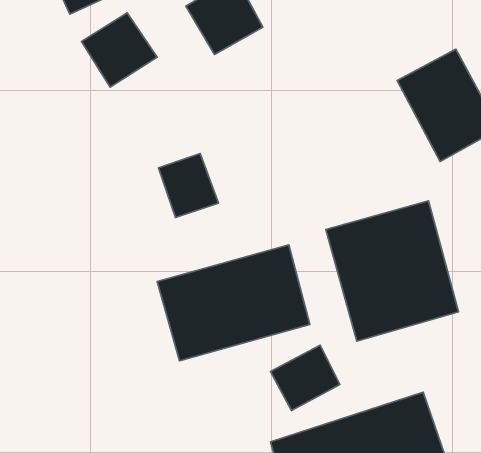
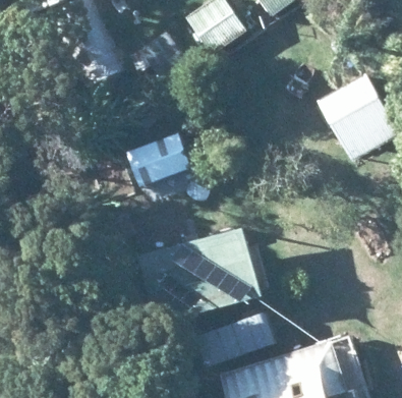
building: [326,201,459,341] -> none

